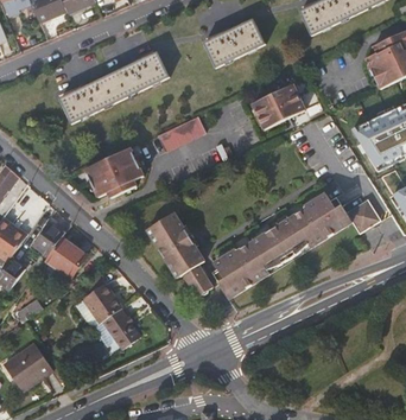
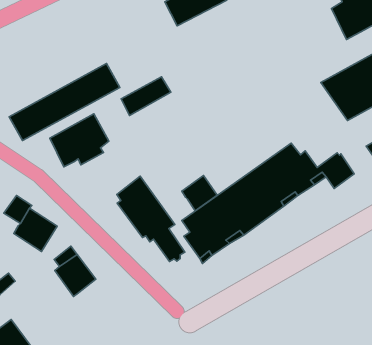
building: [59,53,169,123] -> [9,64,120,141]
building: [252,85,304,129] -> none
building: none -> [182,176,217,211]
building: [103,308,140,349] -> none

